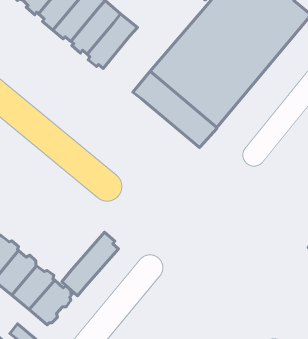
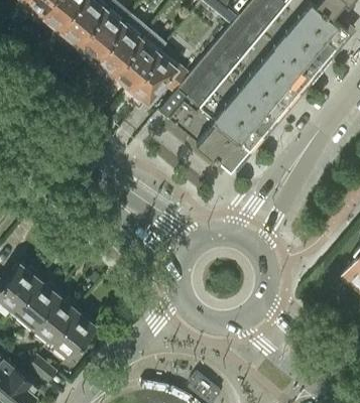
building: none -> [129,52,189,103]
building: [62,232,119,296] -> none

